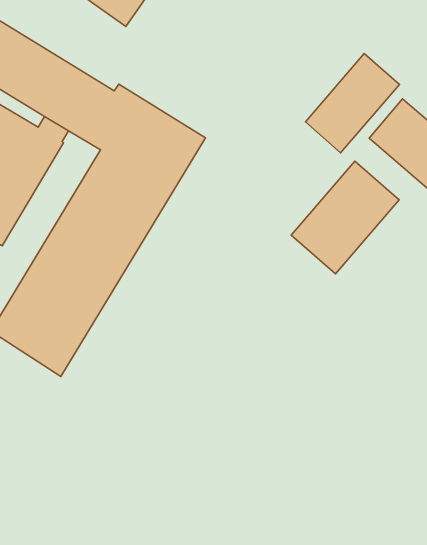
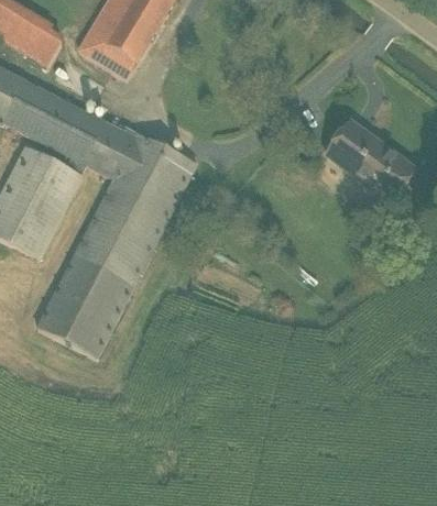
building: [305,54,399,153] -> none
building: [291,161,399,274] -> none

